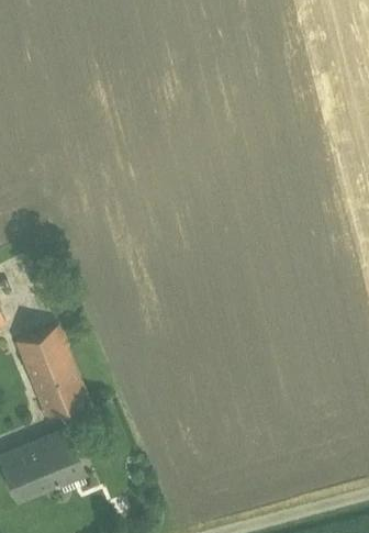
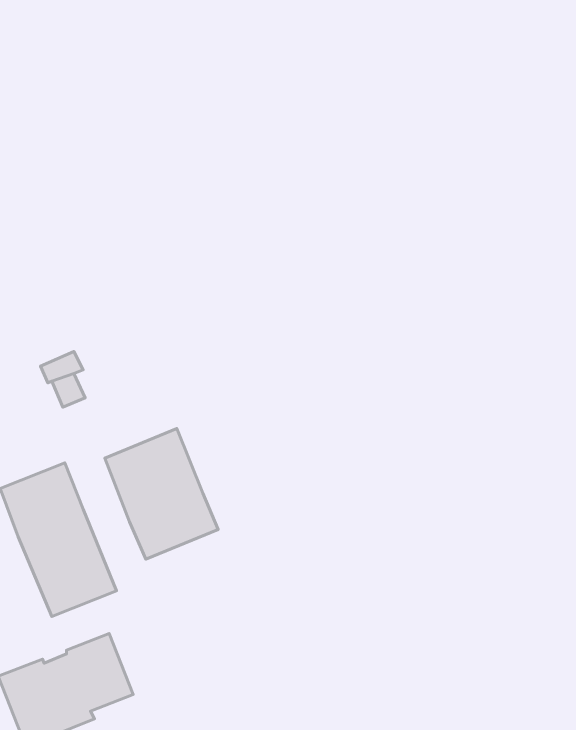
building: none -> [105,428,218,559]

